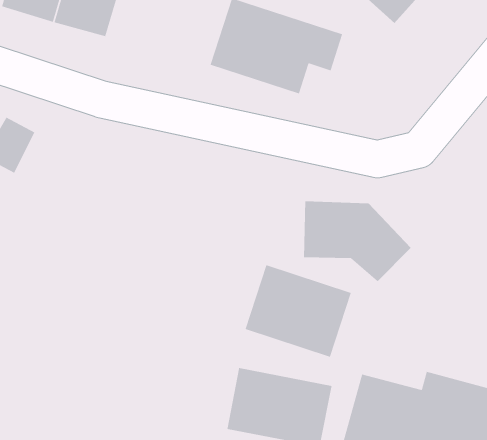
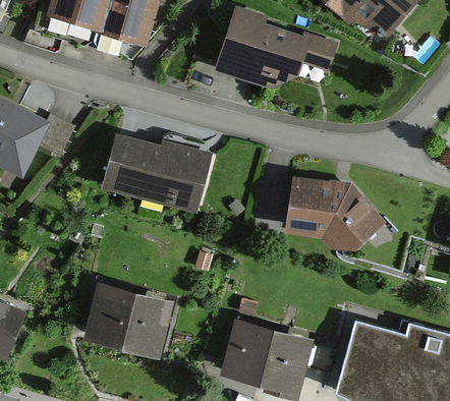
building: none -> [107,136,212,210]
building: [245,264,352,358] -> none
building: none -> [93,286,177,351]

